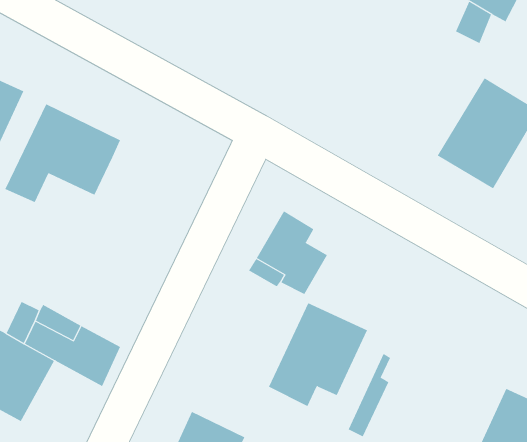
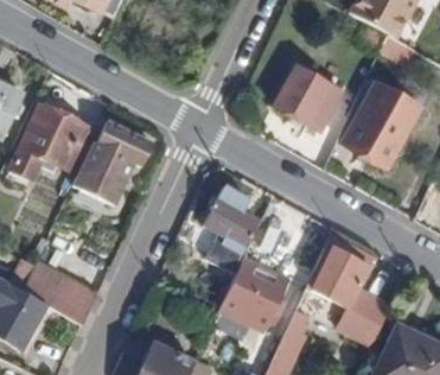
building: none -> [274,66,344,133]
building: none -> [74,120,152,205]
building: none -> [313,235,387,341]

